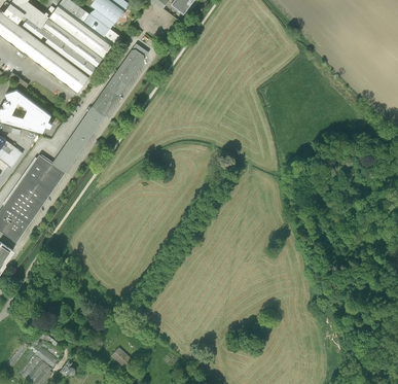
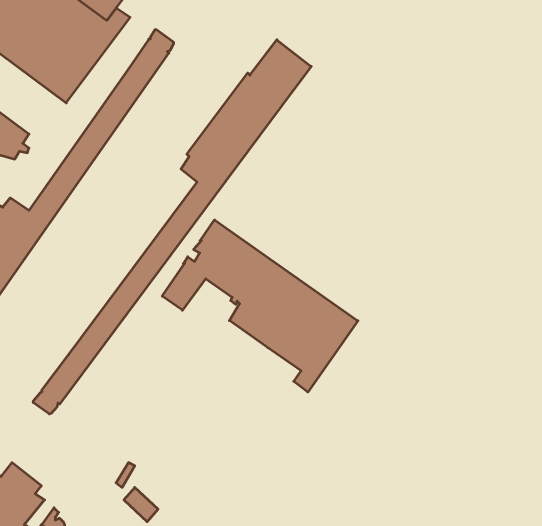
building: none -> [33,40,311,414]
building: none -> [162,220,358,392]

